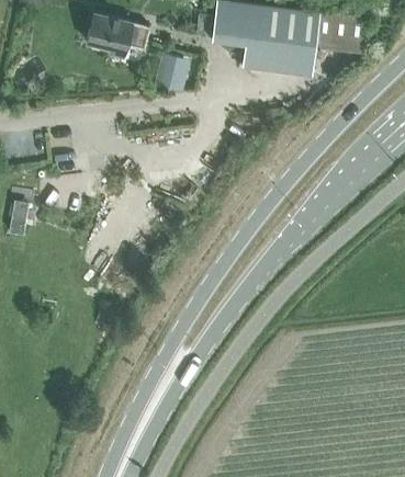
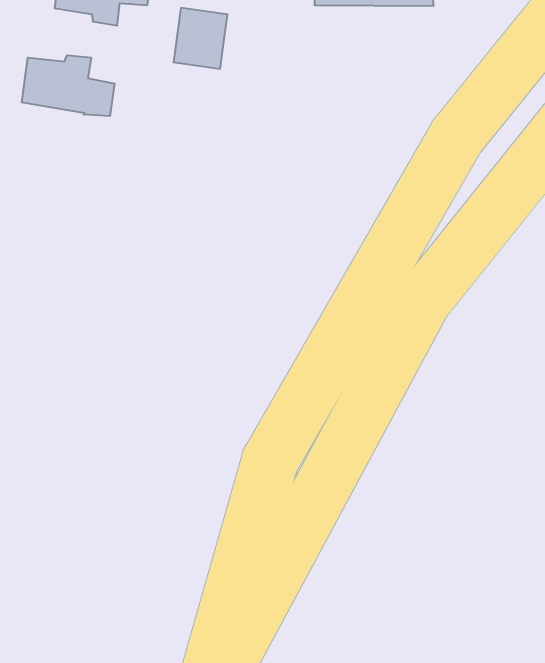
building: none -> [22,55,114,116]

